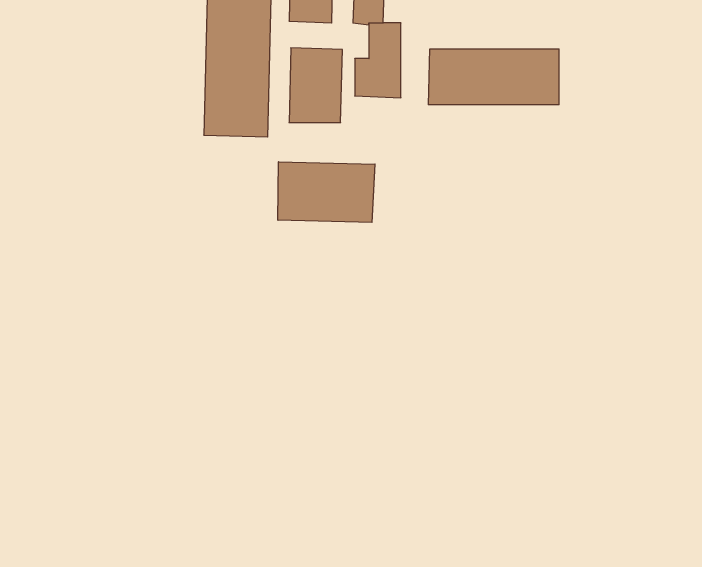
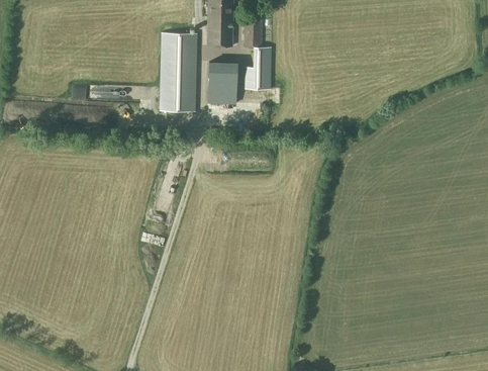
building: [428,49,559,105] -> none
building: [278,162,375,222] -> none

